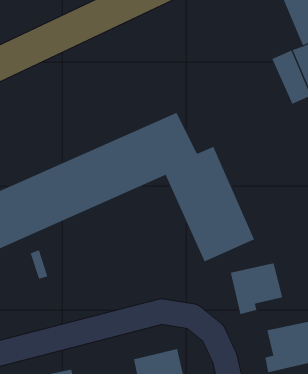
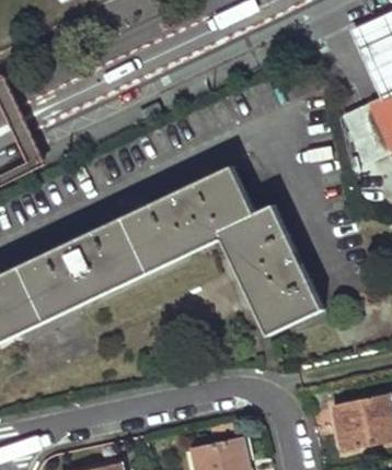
building: [230,262,283,315] -> none

